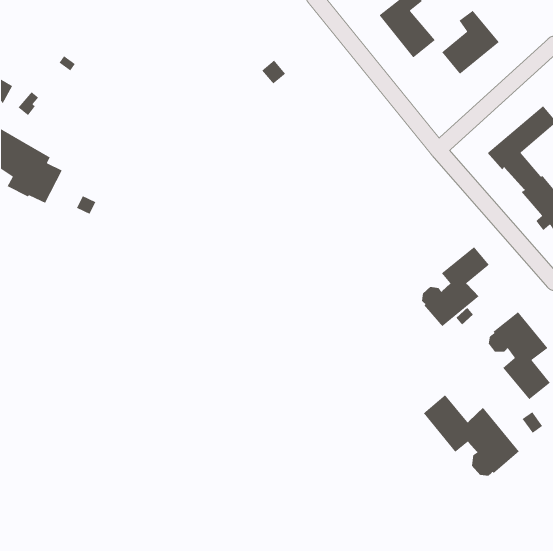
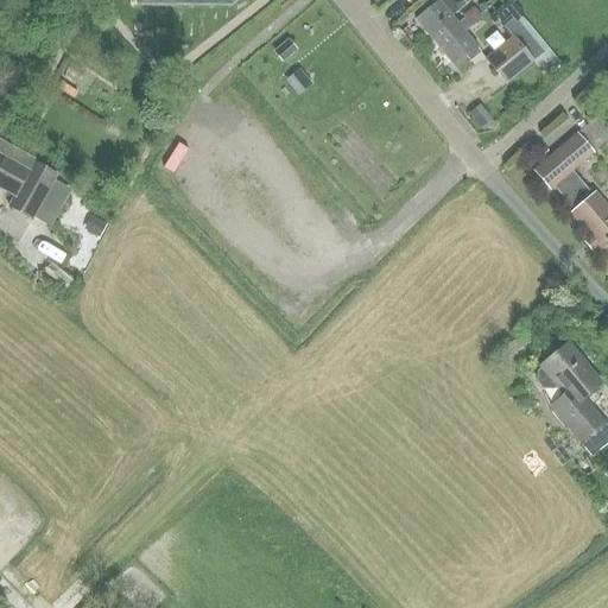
building: [421,246,490,327] -> none
building: [423,394,520,477] -> none

